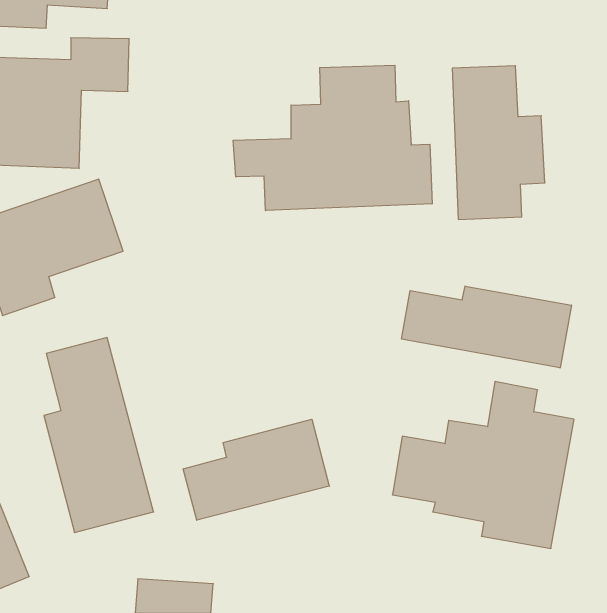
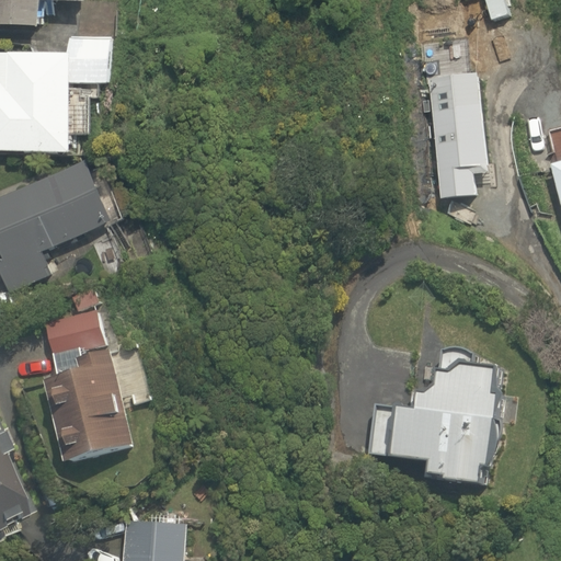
building: [233,65,432,211] -> none
building: [402,286,571,368] -> none
building: [183,419,329,520] -> none

